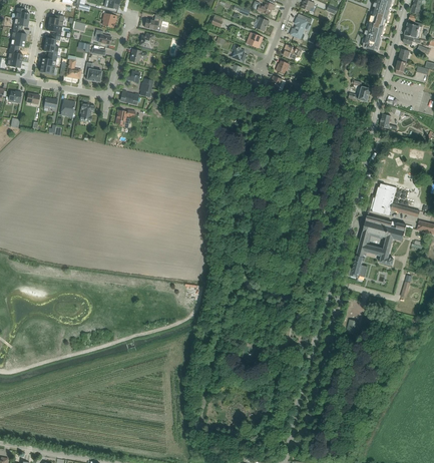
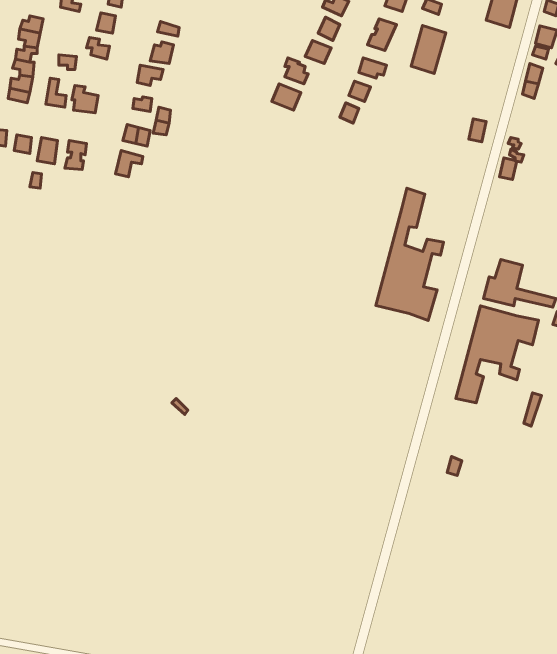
building: [363,18,387,51] -> [411,26,446,73]
building: none -> [376,188,444,321]

